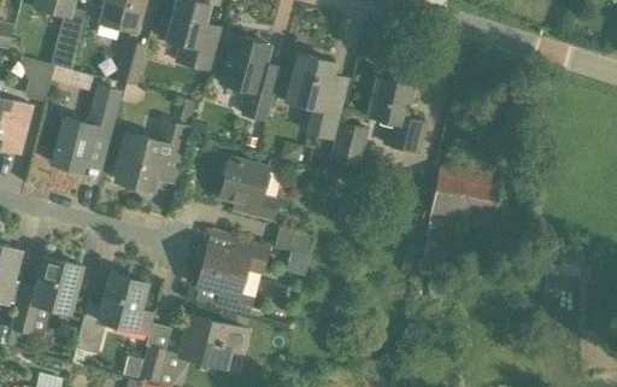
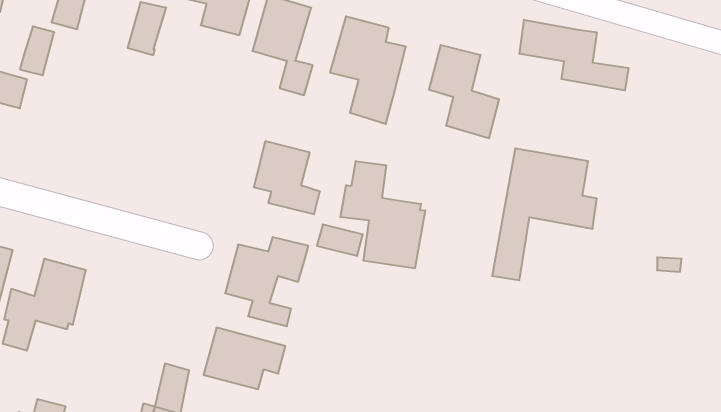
building: none -> [520,20,628,91]
building: [52,86,122,171] -> none
building: [117,100,195,189] -> none
building: [330,121,369,166] -> none
building: none -> [340,161,425,268]
building: [75,275,154,354] -> none

